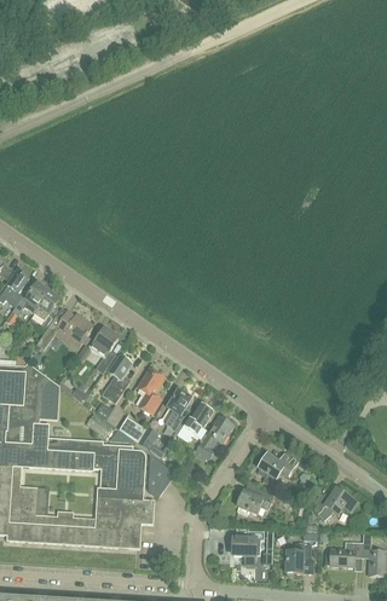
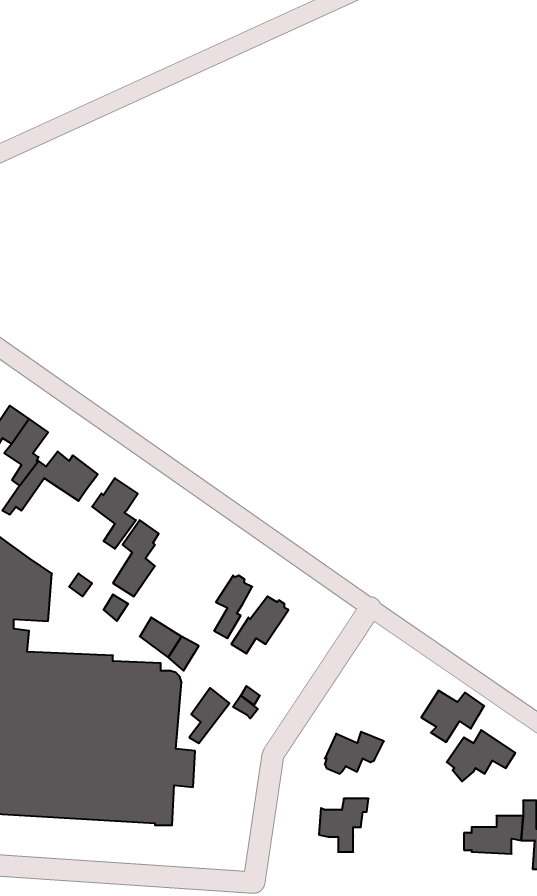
building: [138,369,163,414] -> none
building: [196,415,232,457] -> none
building: [255,453,295,486] -> [421,691,484,742]
building: [285,542,311,573] -> none

